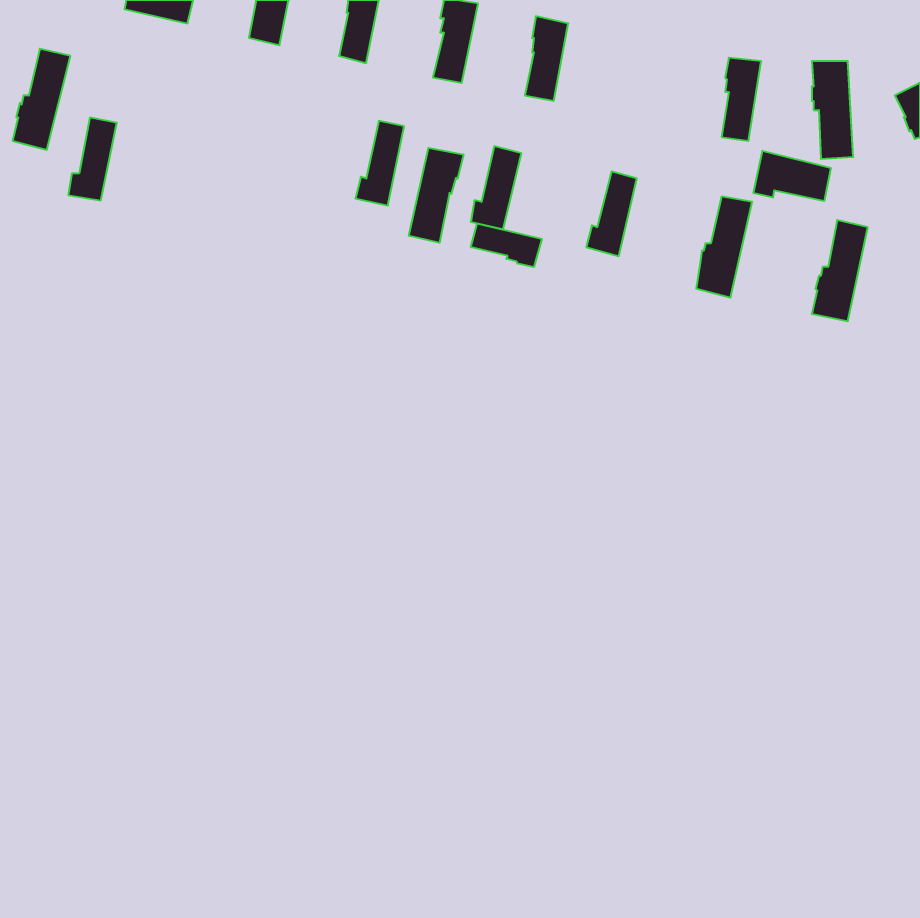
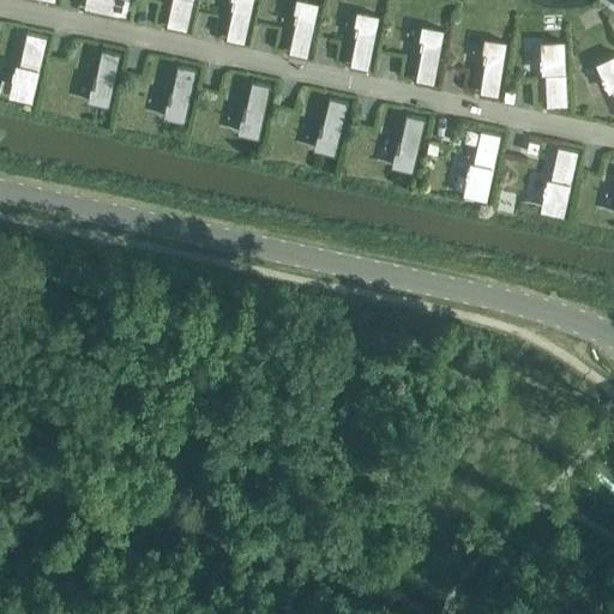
building: none -> [415,28,444,85]
building: none -> [162,67,194,122]
building: [68,118,117,201] -> [86,52,119,107]
building: [409,148,463,243] -> none
building: [754,151,831,201] -> none
building: [471,224,542,267] -> none

